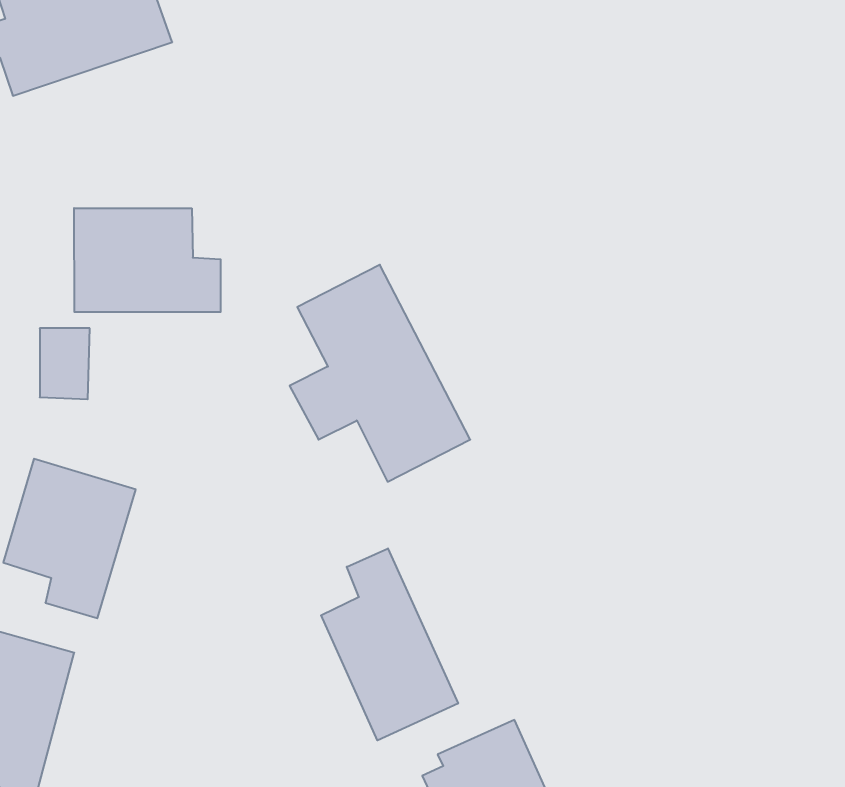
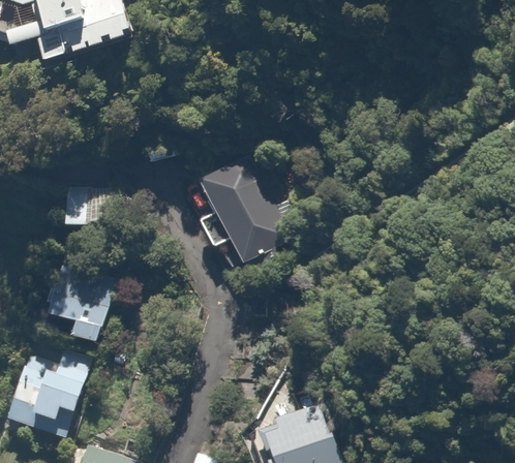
building: [74,208,221,312] -> none
building: [321,548,458,740] -> none

